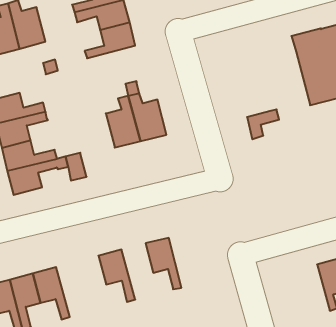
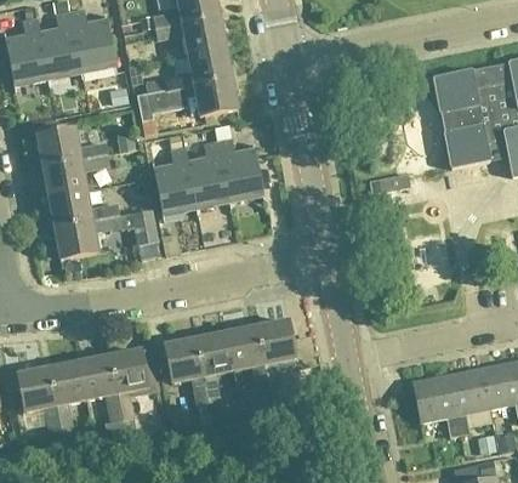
building: none -> [136,75,237,121]
building: none -> [153,146,195,212]
building: none -> [257,320,296,392]
building: none -> [195,331,234,403]
building: none -> [109,348,158,420]
building: none -> [412,374,459,436]

